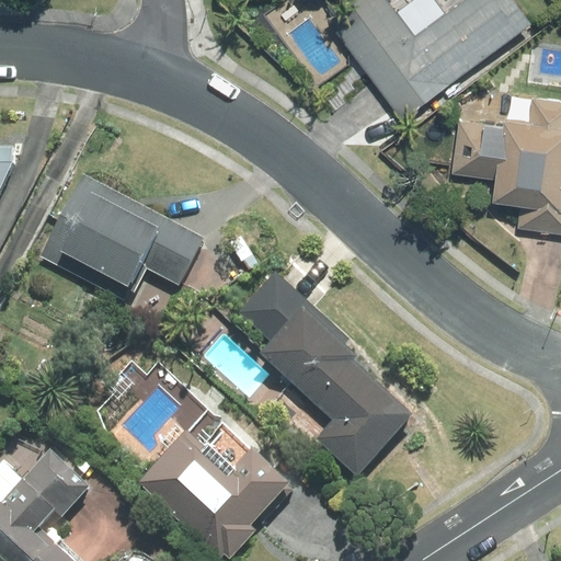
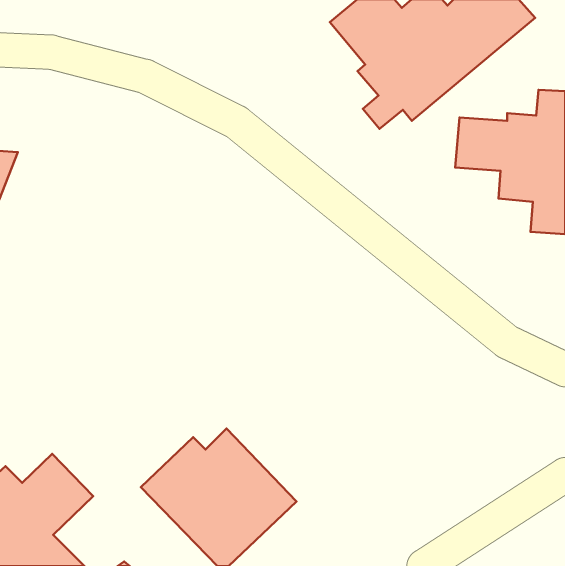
building: [42,175,203,298] -> none
building: [237,273,412,474] -> none

